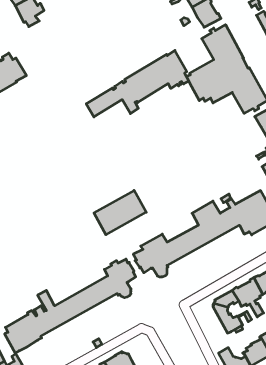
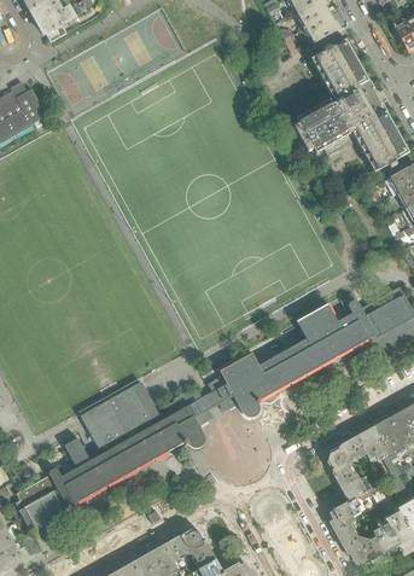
building: [86,50,189,117] -> none
building: [94,190,146,235] -> [80,382,158,448]
building: none -> [330,499,361,531]

